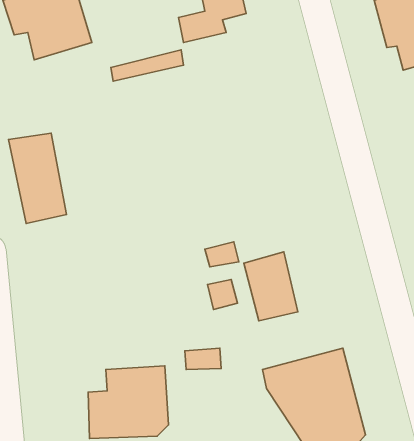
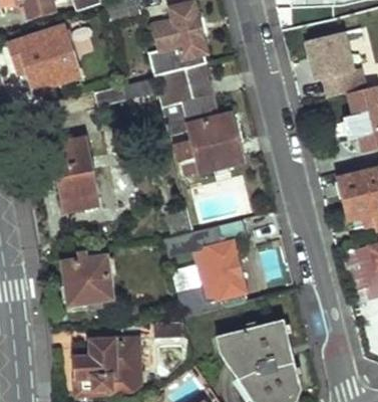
building: none -> [153,67,243,178]
building: [9,133,66,223] -> [53,138,99,210]
building: none -> [63,256,110,301]

